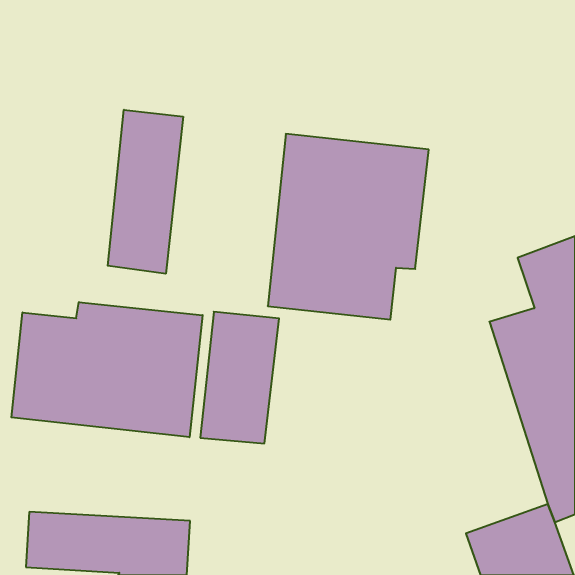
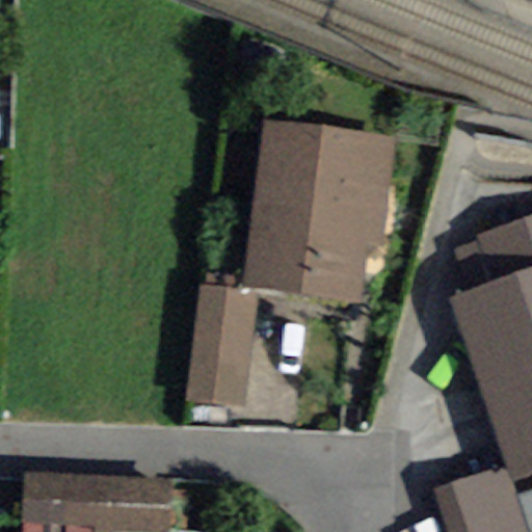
building: [108,110,183,274] -> none
building: [11,302,203,437] -> none

